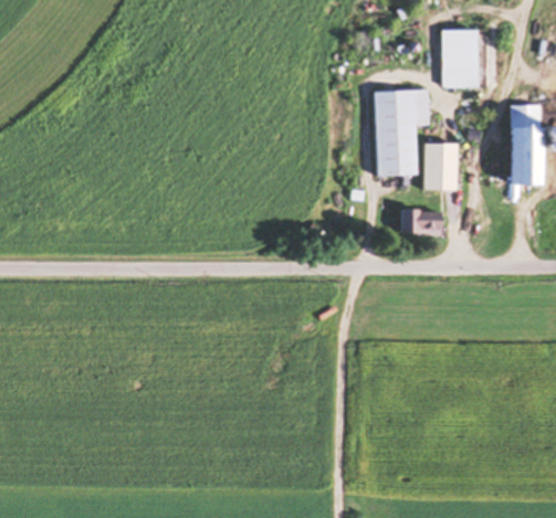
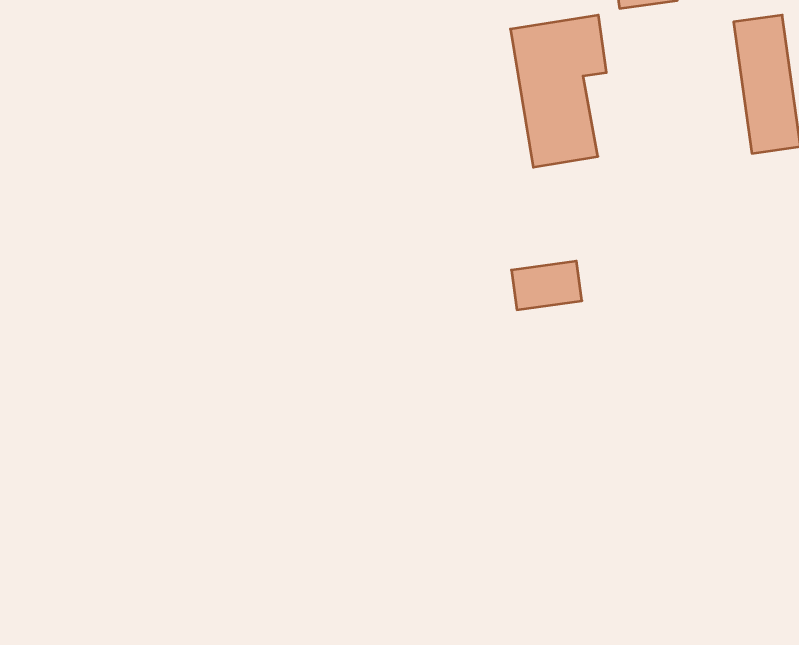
building: [424,142,457,190] -> none
building: [403,210,443,234] -> [511,261,582,310]

